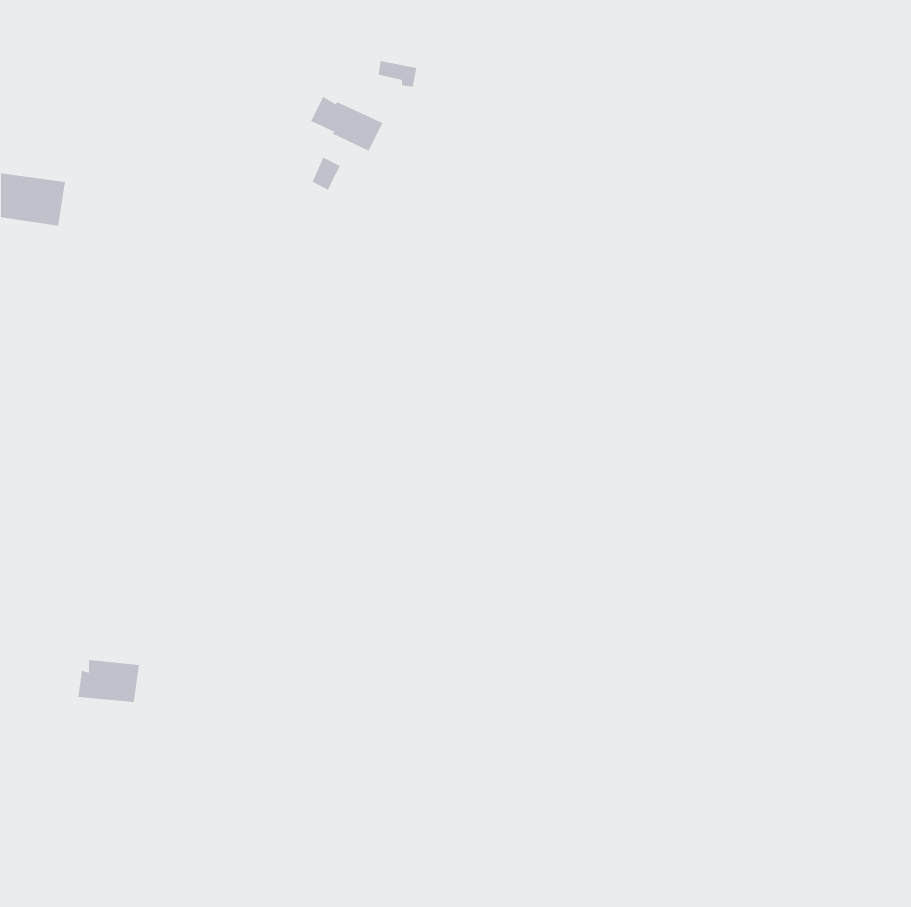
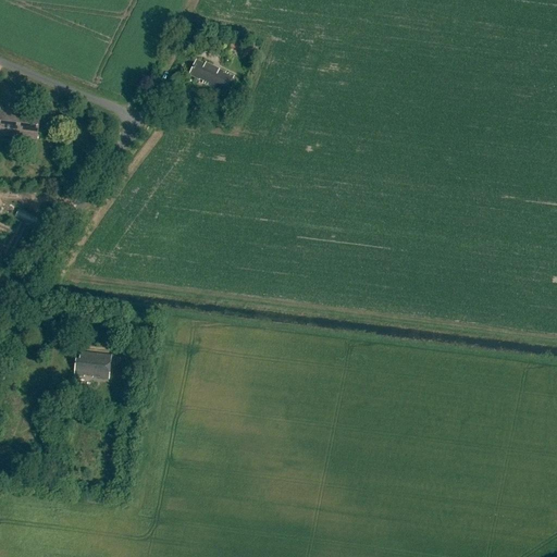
building: [78,660,140,702] -> [73,351,111,377]

